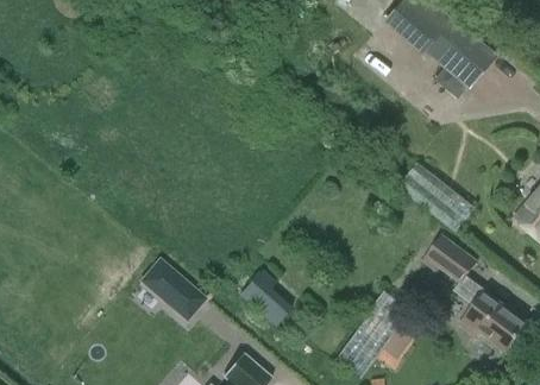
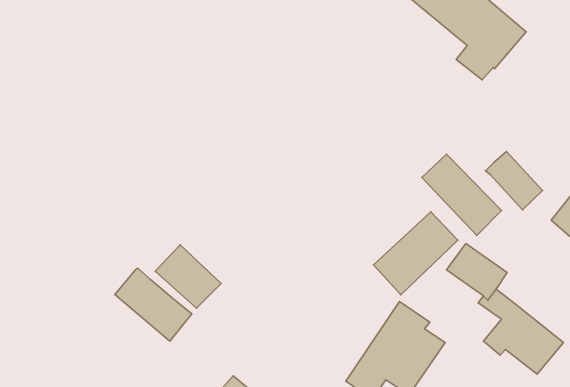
building: none -> [485,152,543,210]
building: none -> [374,212,458,295]
building: [241,270,299,324] -> [155,245,221,308]

